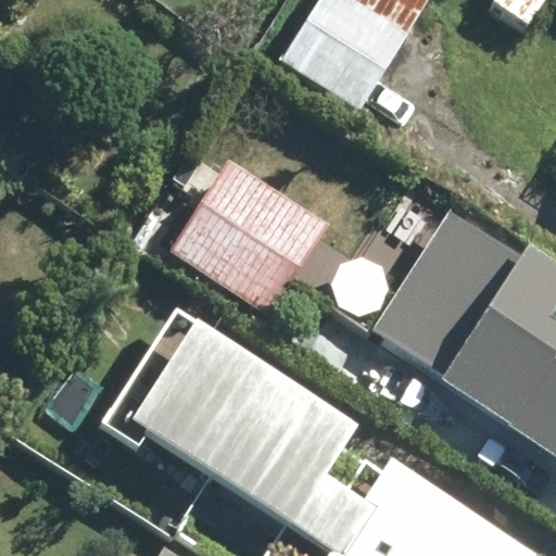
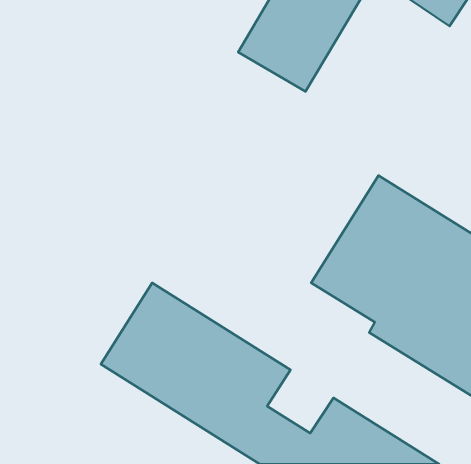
building: [177,163,327,309] -> none

